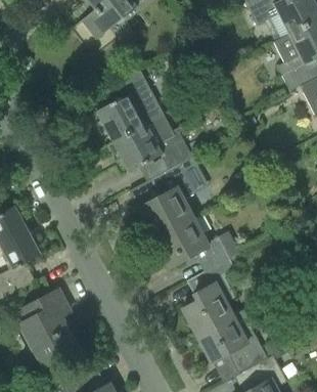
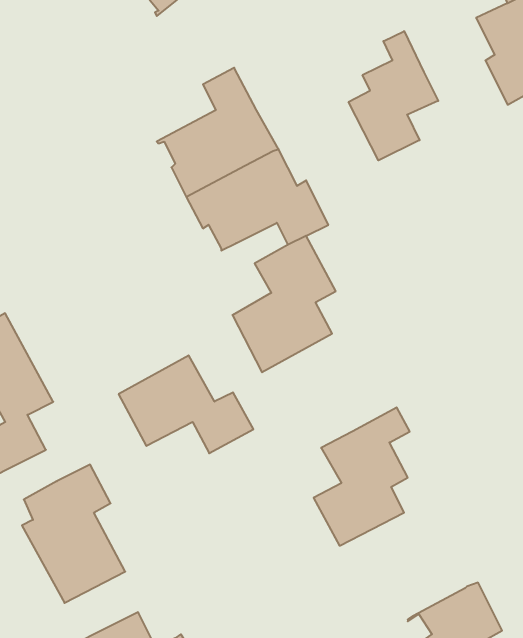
building: none -> [349,31,438,160]
building: [153,216,228,270] -> [119,355,253,453]
building: [196,305,266,373] -> none

